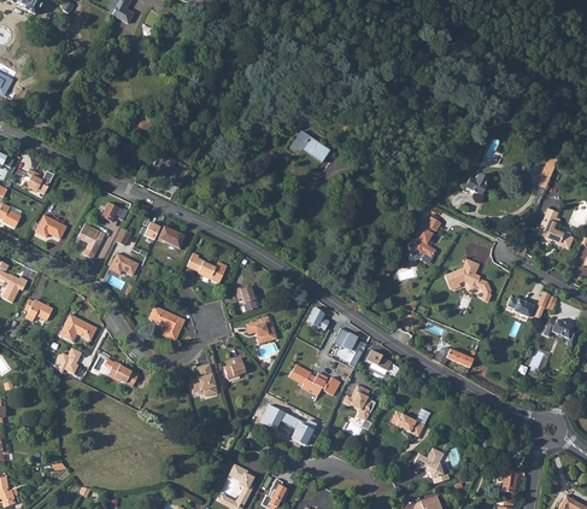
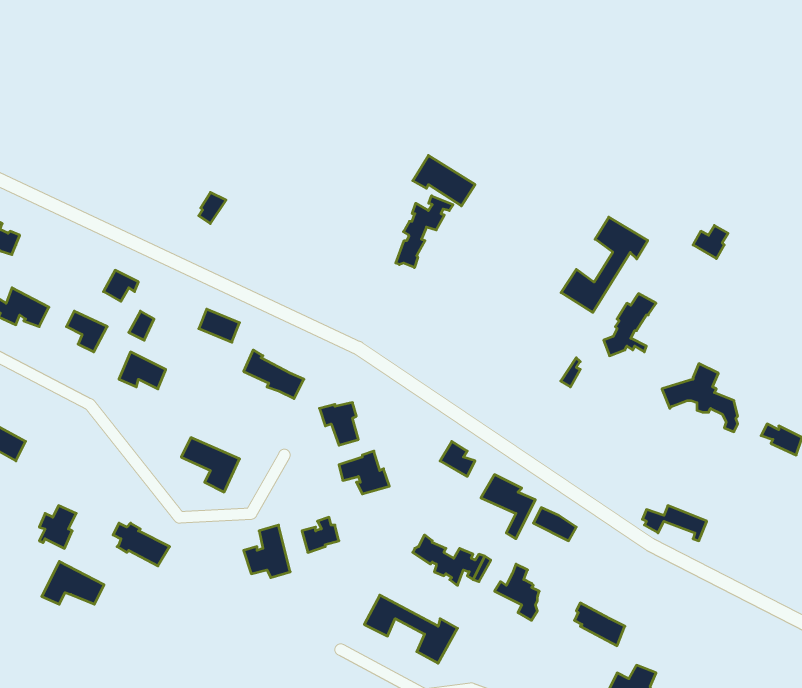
building: none -> [396,196,453,268]
building: none -> [561,217,648,312]
building: [59,312,98,339] -> [42,561,104,604]

